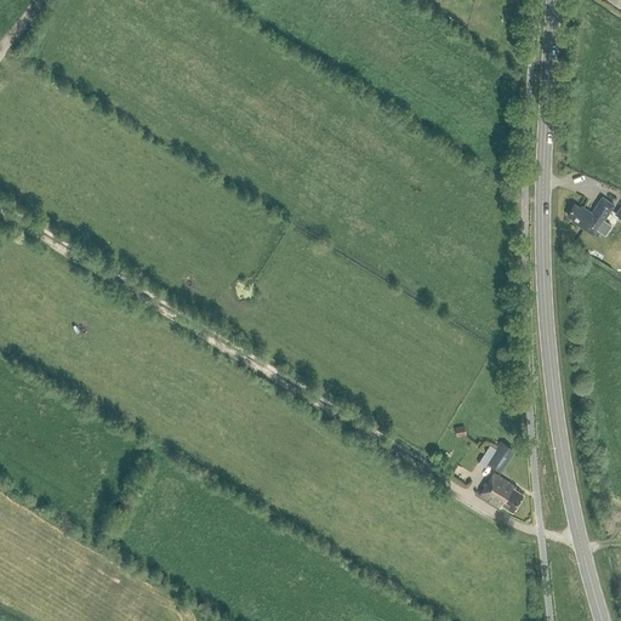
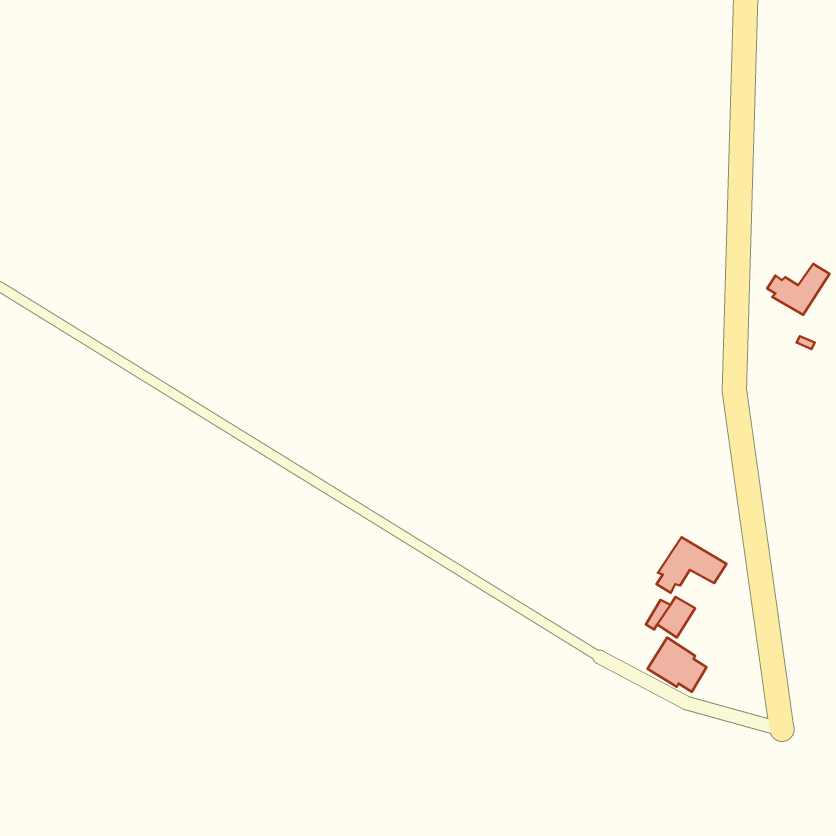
building: none -> [657,537,726,593]

